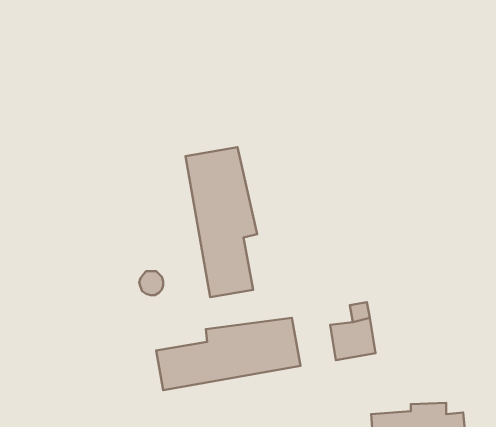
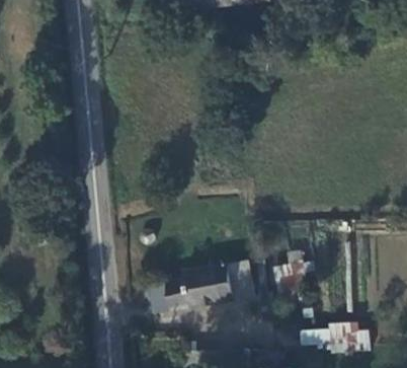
building: [185,147,257,297] -> none

